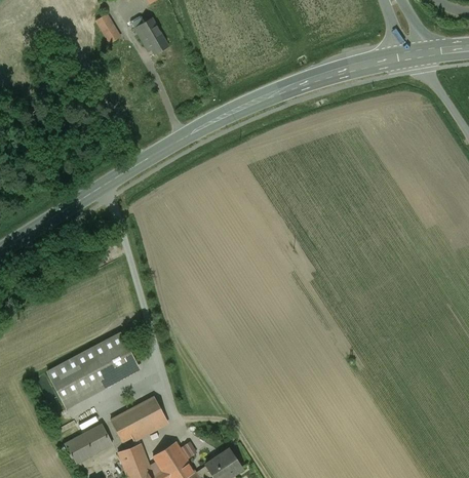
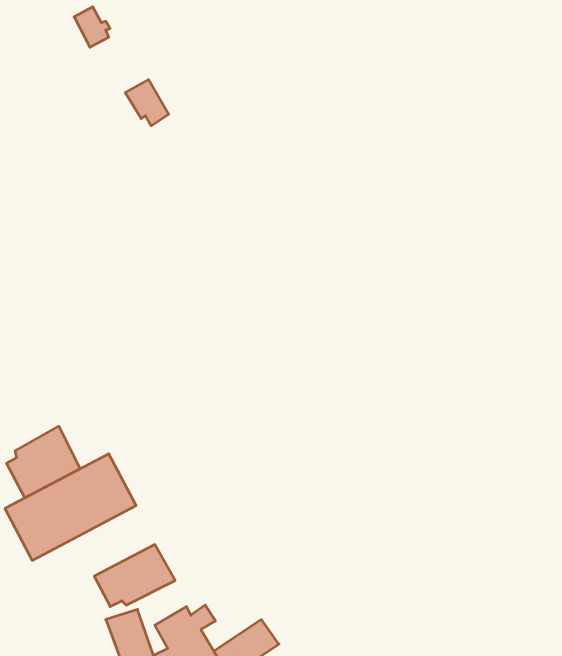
building: [133,18,164,51] -> [125,80,169,126]
building: none -> [7,426,80,498]
building: [63,424,112,464] -> none

